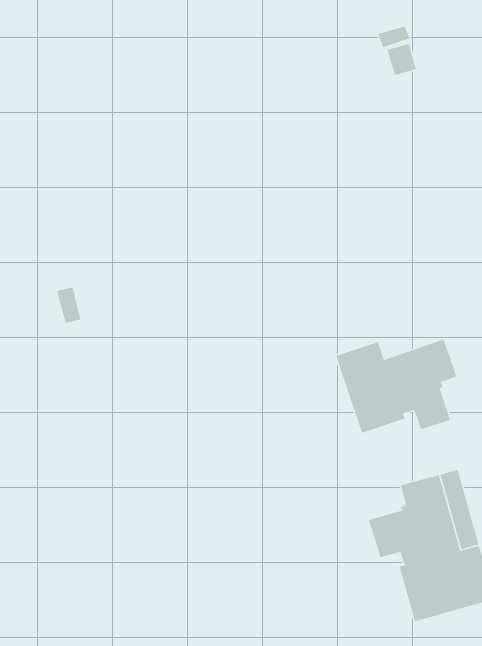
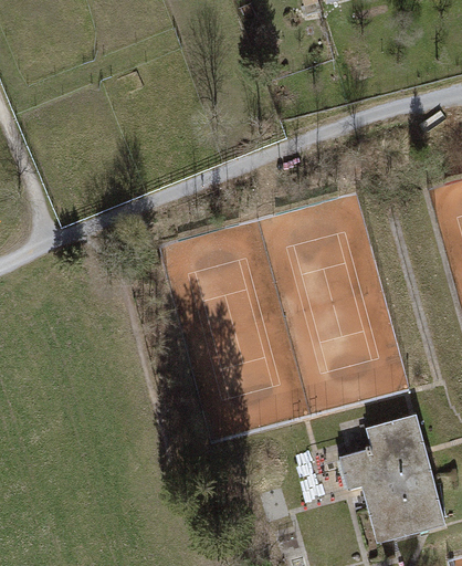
building: [335,338,457,434] -> none

